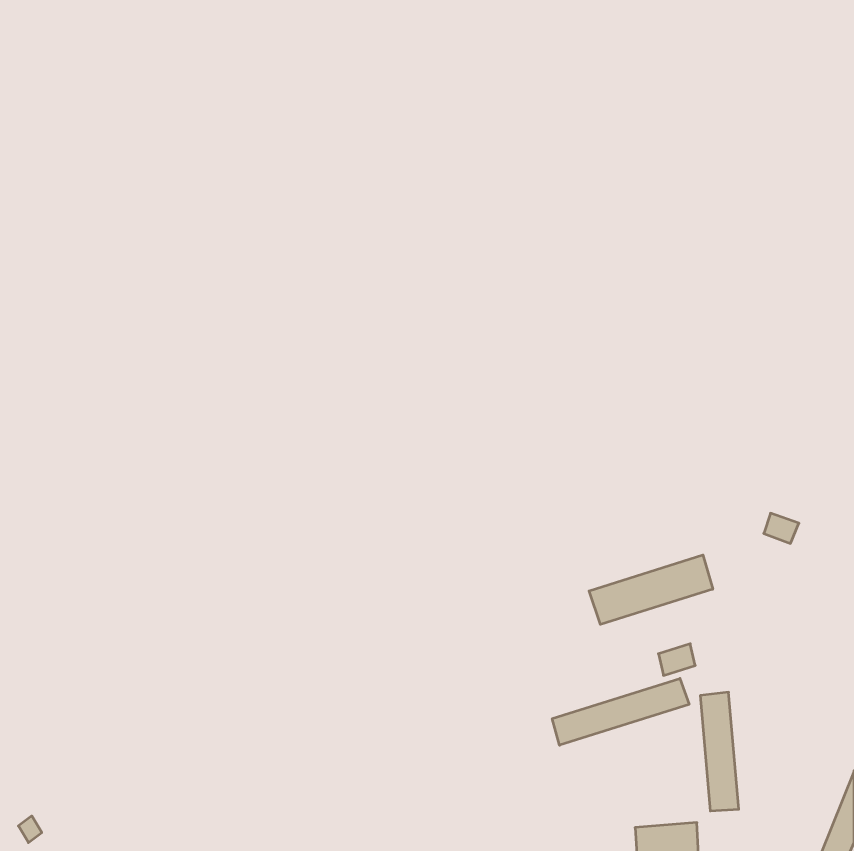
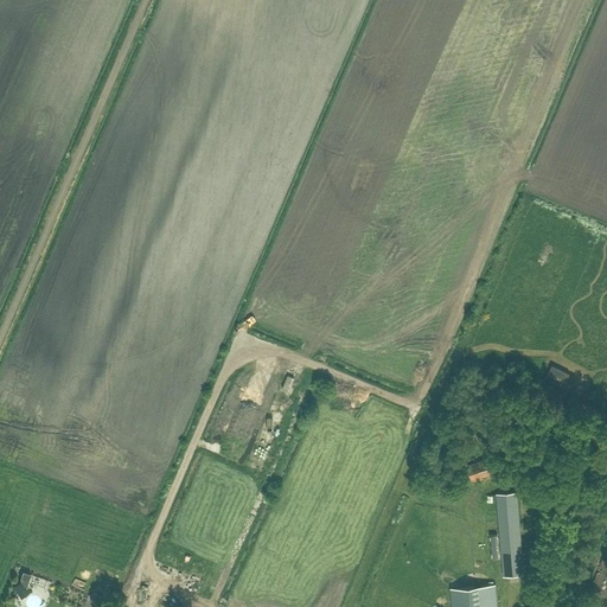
building: [589,555,713,624] -> none
building: [552,678,689,745] -> none

